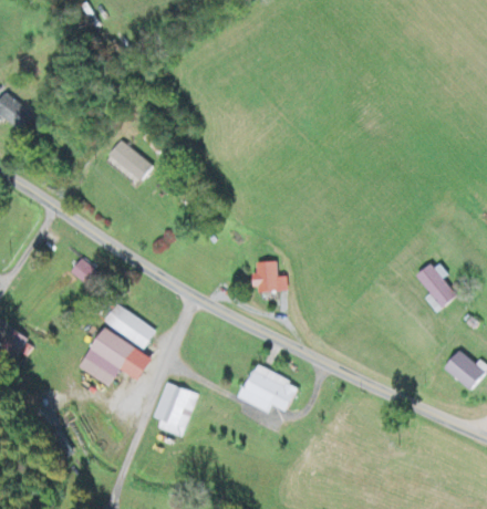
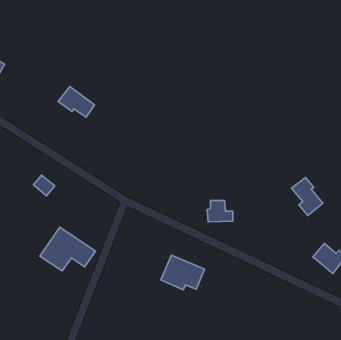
building: [251,261,286,290] -> [207,200,233,222]
building: [107,307,156,347] -> none
building: [151,382,197,436] -> none

